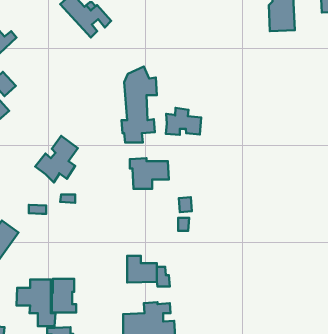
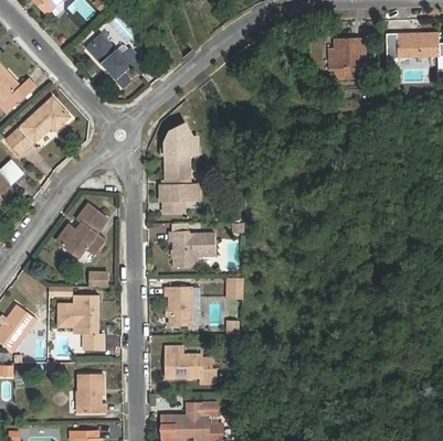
building: none -> [21,98,68,142]
building: [166,108,201,135] -> none
building: none -> [165,287,193,326]
building: [16,280,55,326] -> [57,294,104,349]

